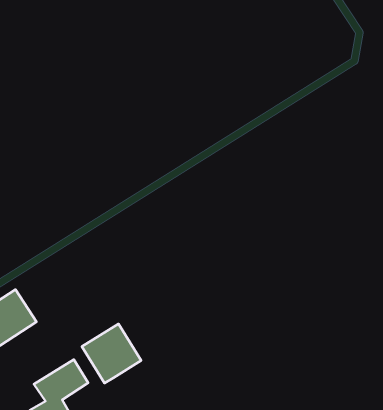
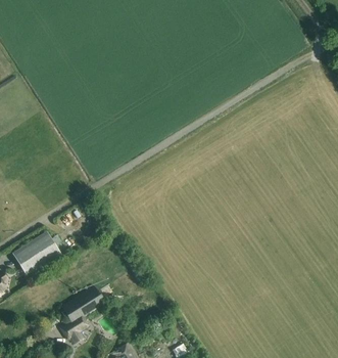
building: [82,324,141,383] -> none

